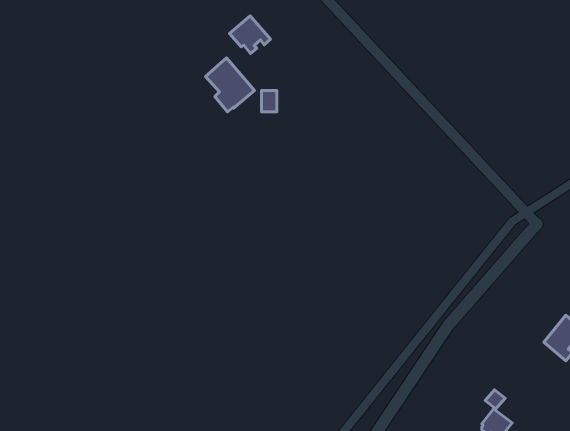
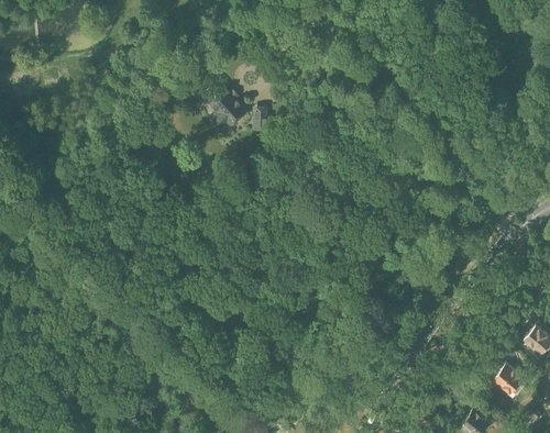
building: [230,16,271,54] -> none
building: none -> [496,364,526,395]

